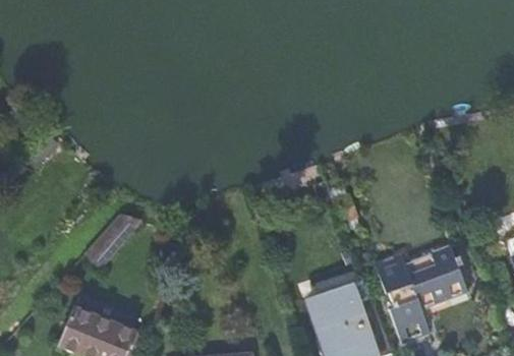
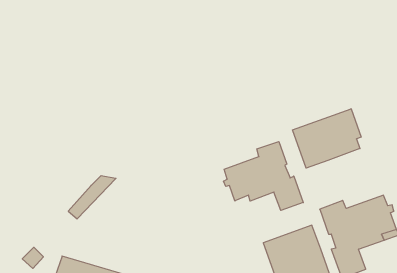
building: none -> [293,109,361,168]
building: none -> [224,142,303,210]

